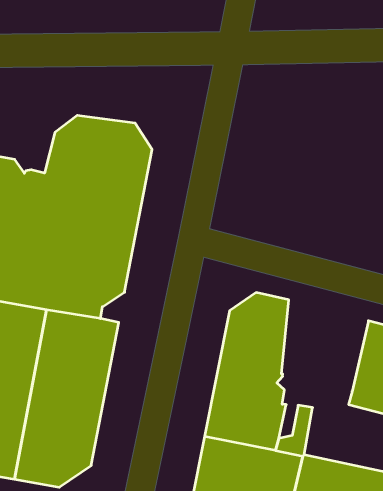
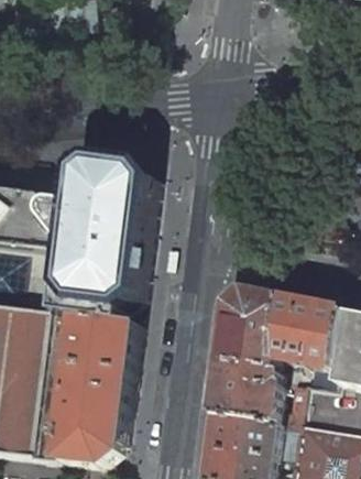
building: none -> [266,293,336,366]

